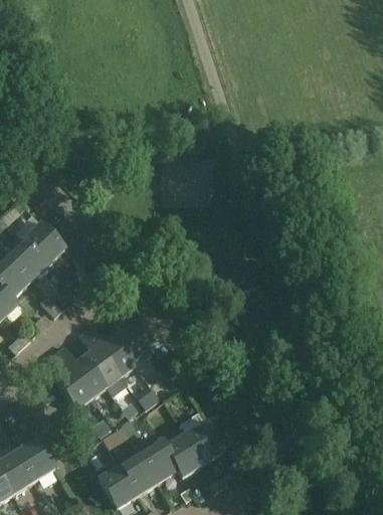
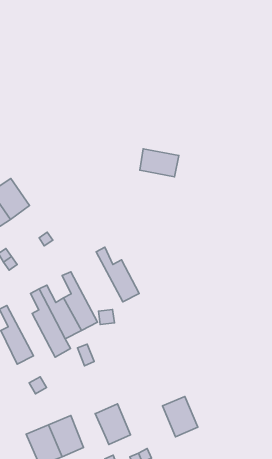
building: [57,345,108,397] -> [96,247,139,302]
building: [185,419,224,462] -> [162,396,198,437]
building: [140,439,179,482] -> none

